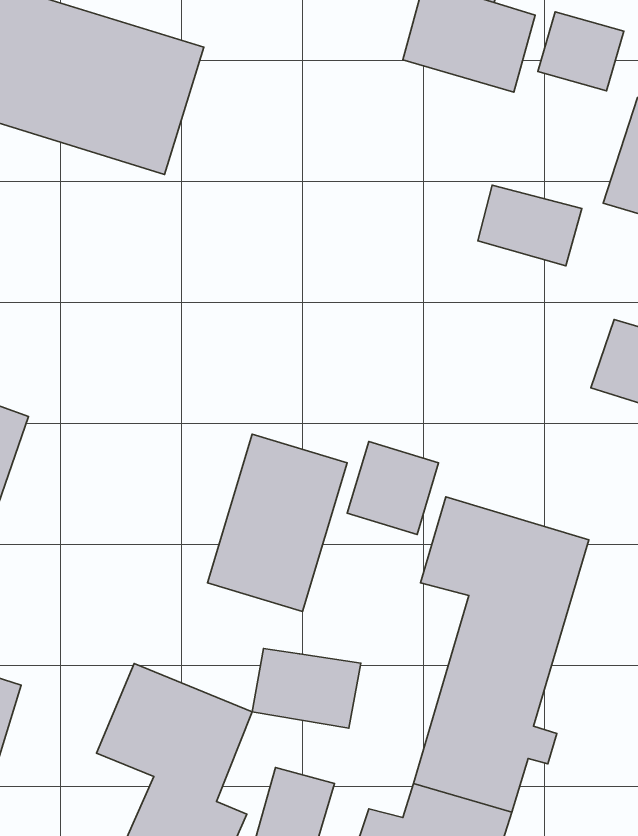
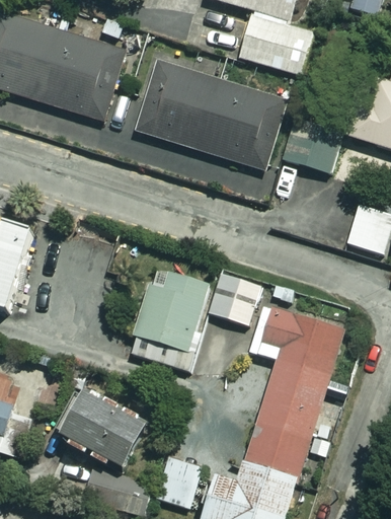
building: [538,12,624,91] -> none
building: none -> [135,58,286,169]
building: [252,648,361,728] -> none

